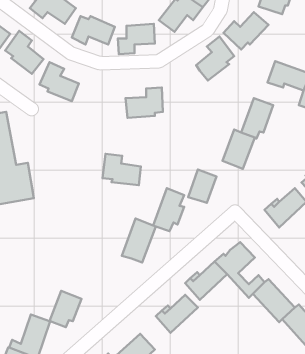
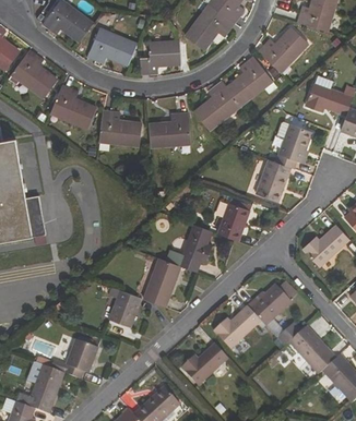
building: none -> [194,80,232,129]
building: [103,154,141,185] -> [98,109,141,144]
building: none -> [108,290,139,327]

